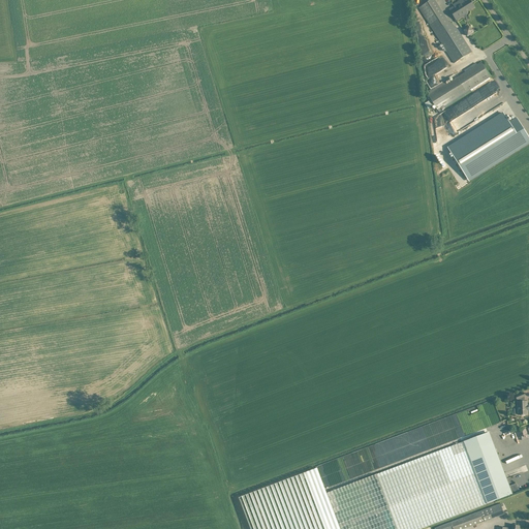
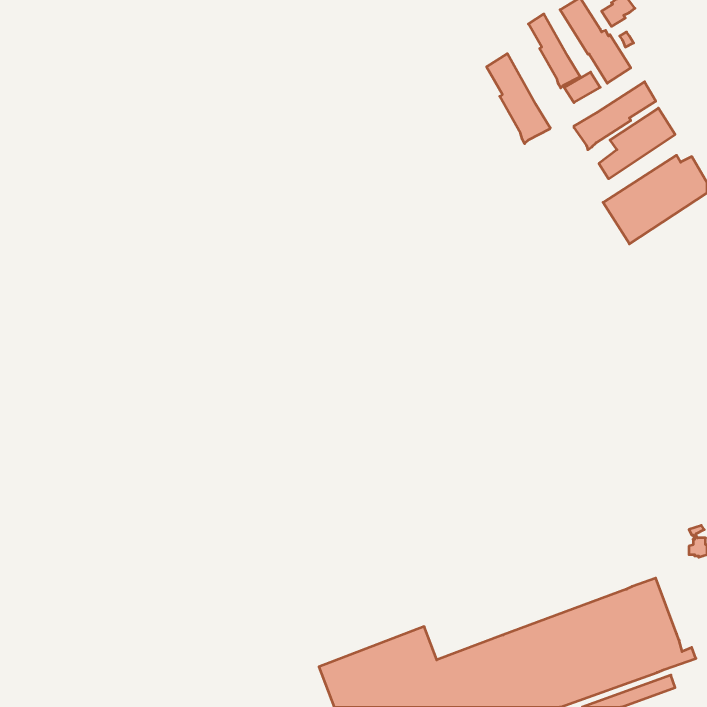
building: none -> [528,14,580,88]
building: none -> [487,54,550,144]

